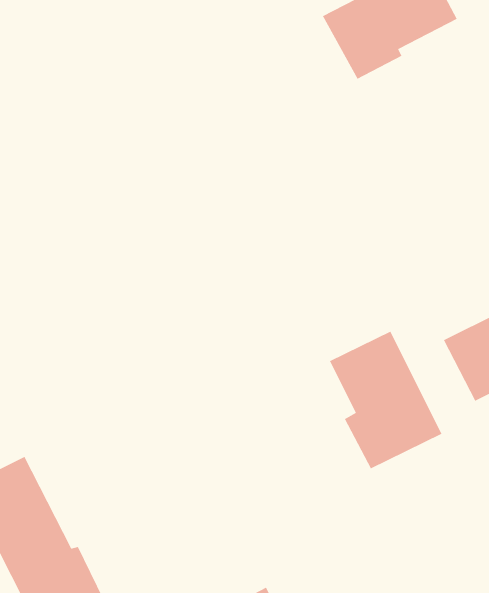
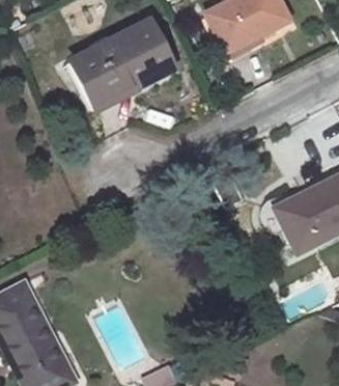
building: none -> [76,22,173,99]
building: [329,330,443,469] -> none

